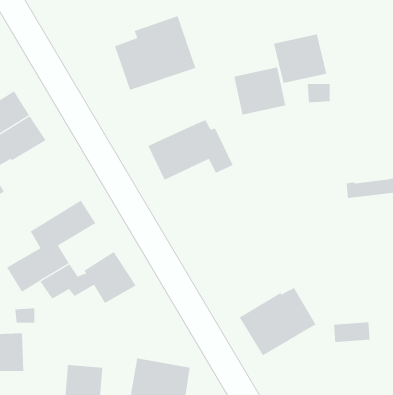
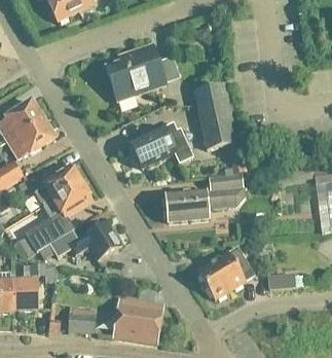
building: [273,34,327,84] -> [199,111,239,148]
building: none -> [34,164,80,205]
building: none -> [165,173,244,221]

